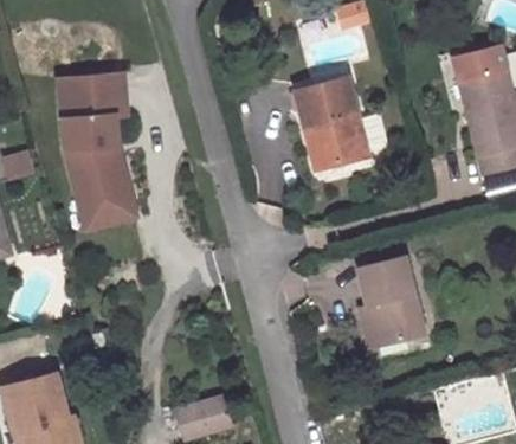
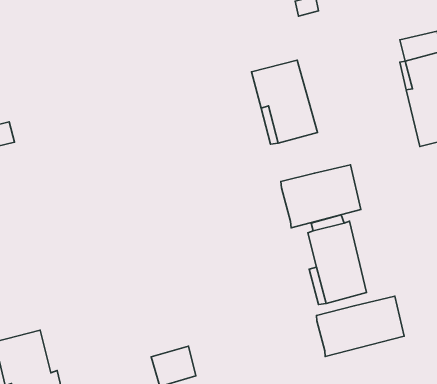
building: [63,72,150,236] -> none
building: none -> [281,165,361,228]
building: none -> [316,296,404,357]

